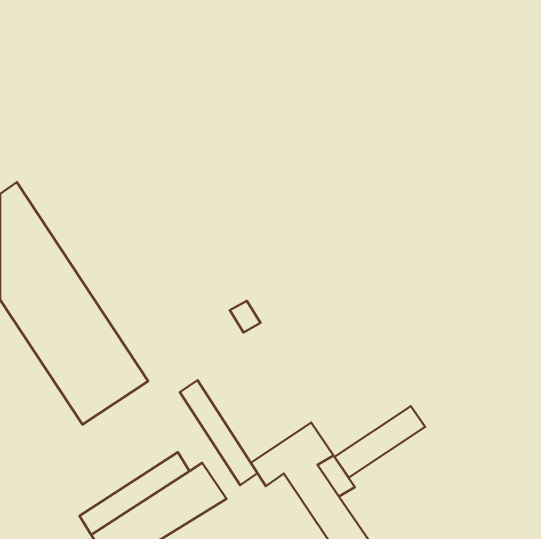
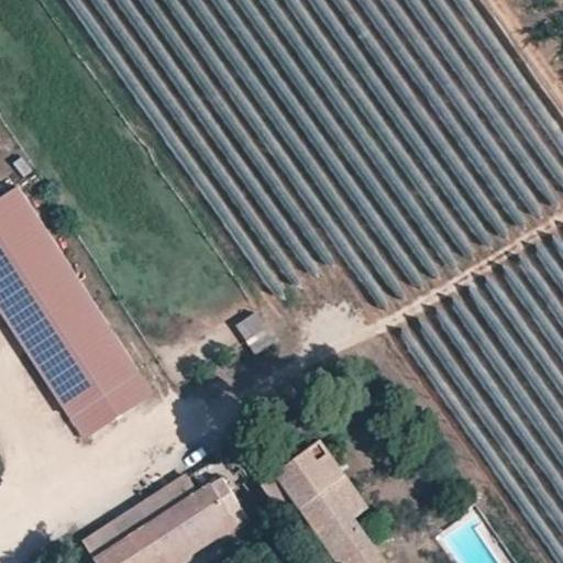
building: [180,380,258,485] -> none
building: [335,406,425,478] -> none

